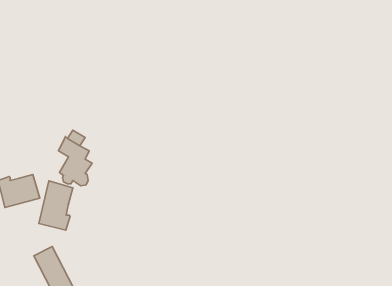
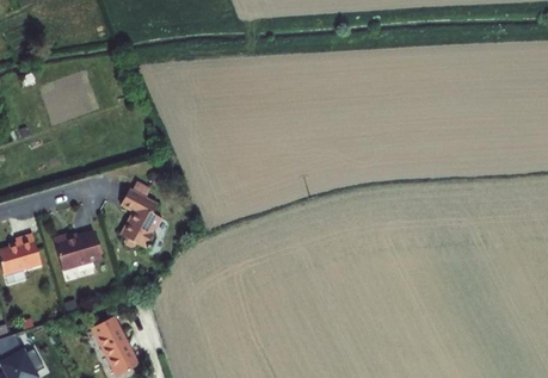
building: [39,181,73,230] -> none

